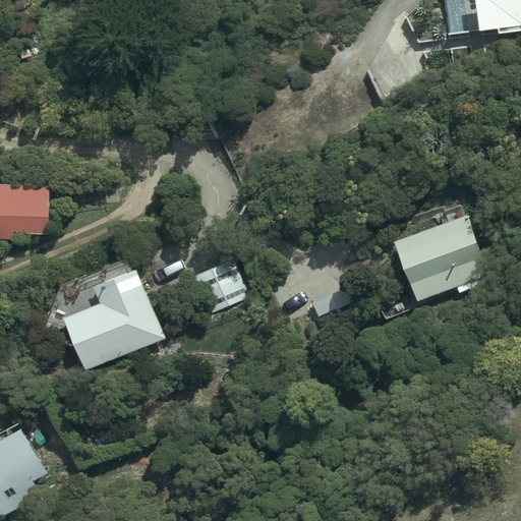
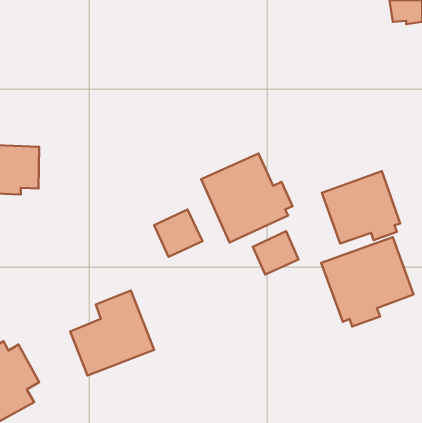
building: none -> [201,153,293,242]
building: [61,268,164,371] -> [70,290,154,376]
building: none -> [321,237,413,326]

